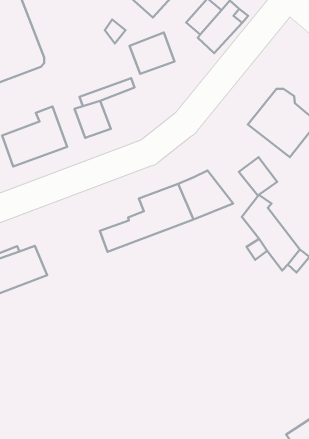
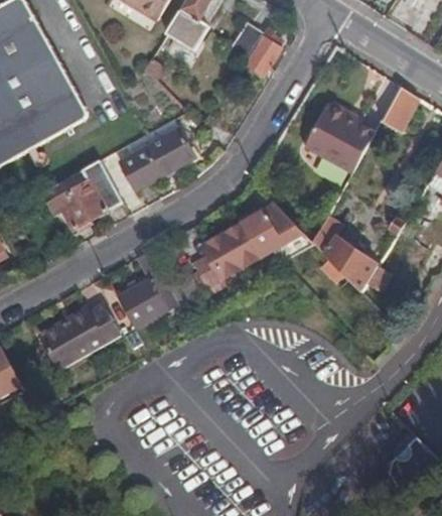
building: [130,32,174,74] -> [149,127,197,173]
building: [239,157,277,195] -> none
building: none -> [117,248,179,326]

